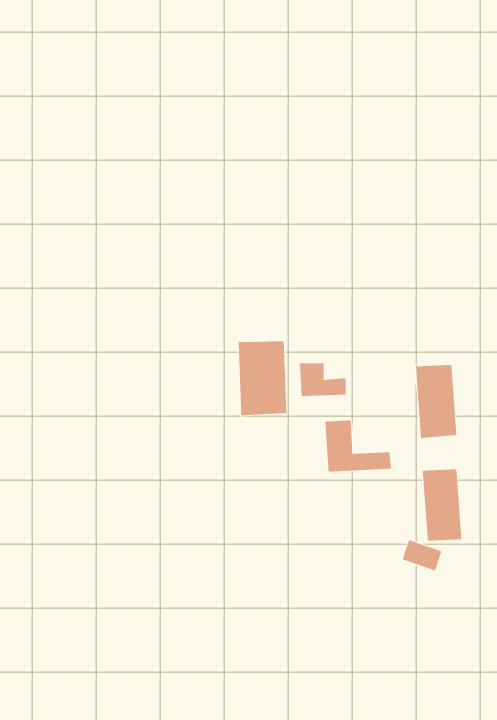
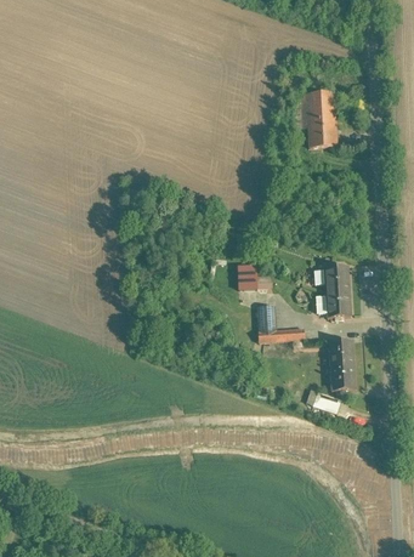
building: none -> [294,91,341,148]
building: [238,340,287,416] -> none

